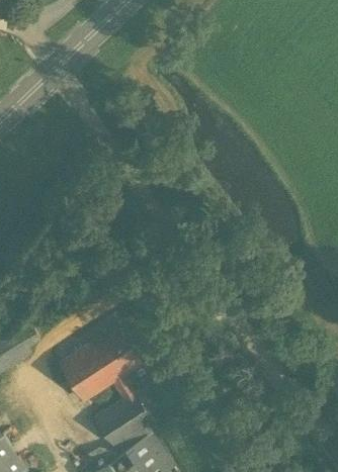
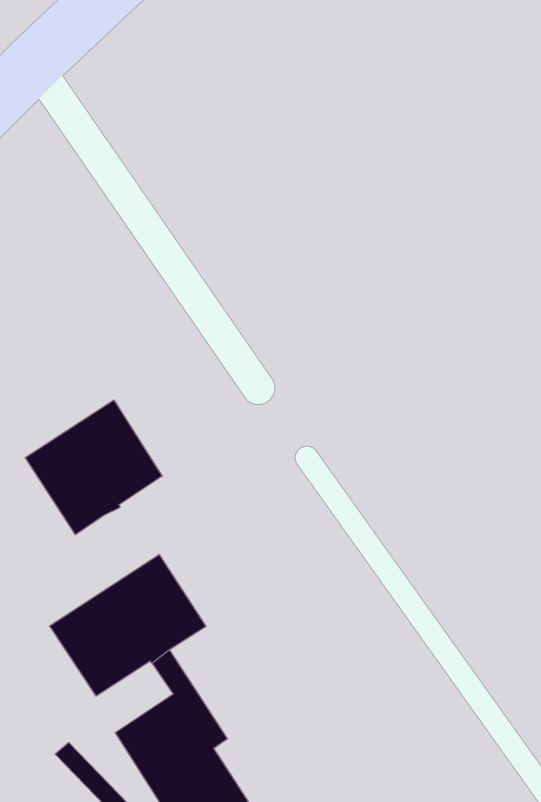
building: none -> [25,400,162,535]

